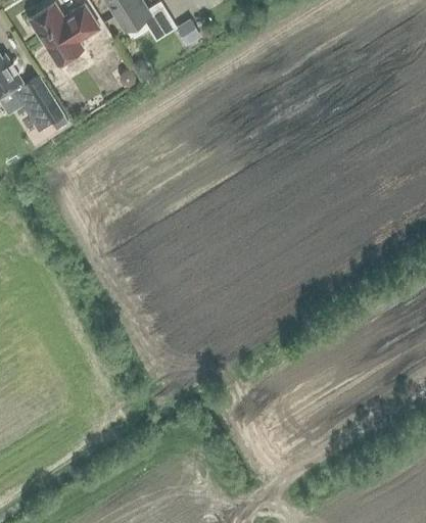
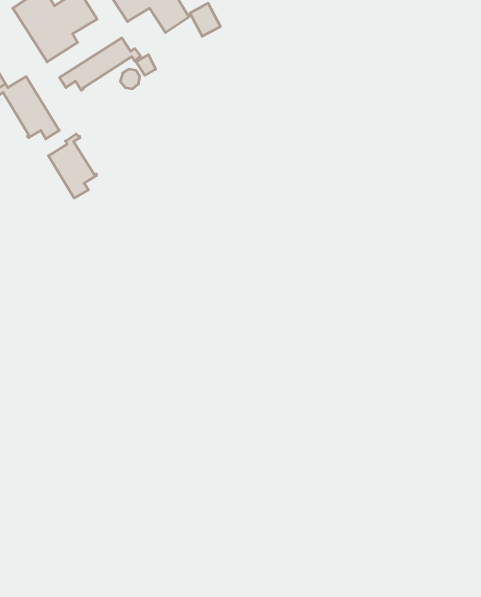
building: none -> [60,38,141,90]
building: none -> [48,134,97,198]

